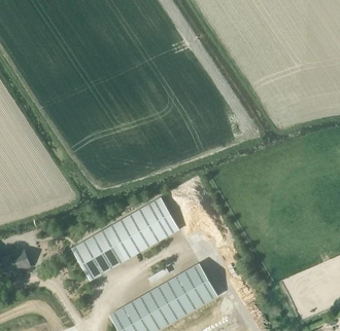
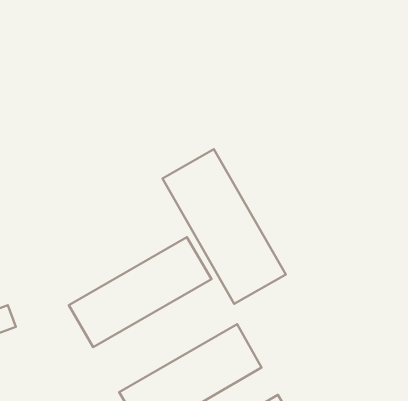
building: none -> [162,149,286,304]

